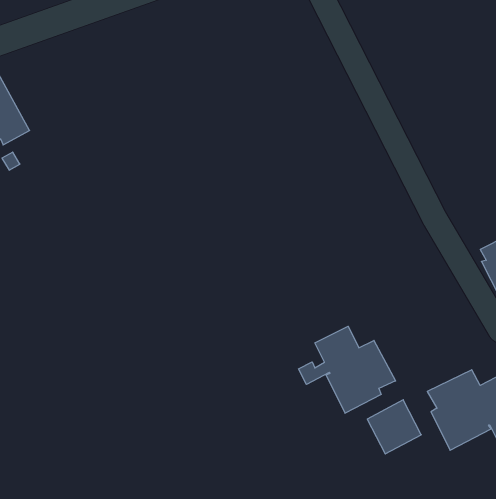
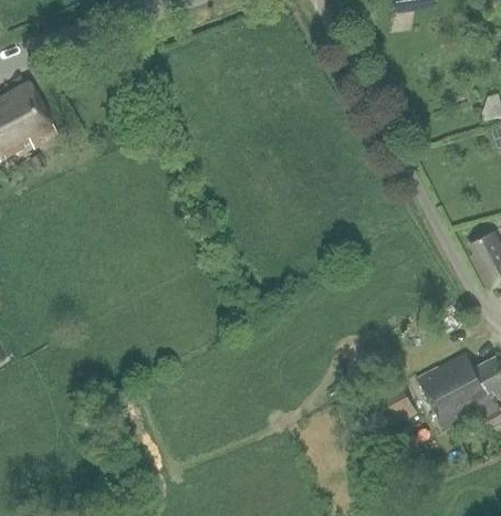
building: [299,326,396,413] -> none

